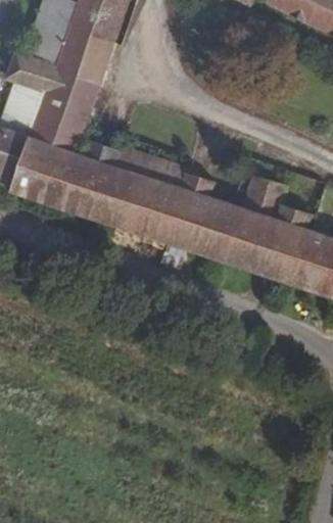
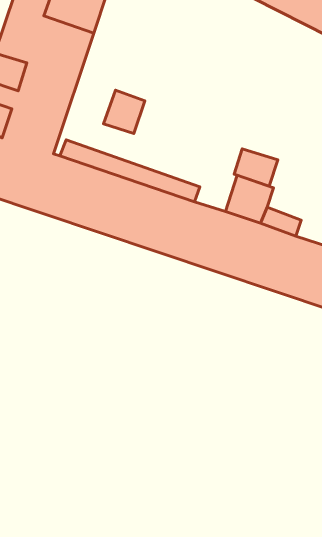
building: none -> [103,90,145,133]
building: none -> [234,149,278,186]

